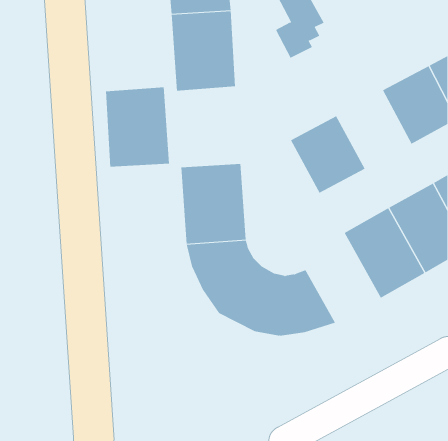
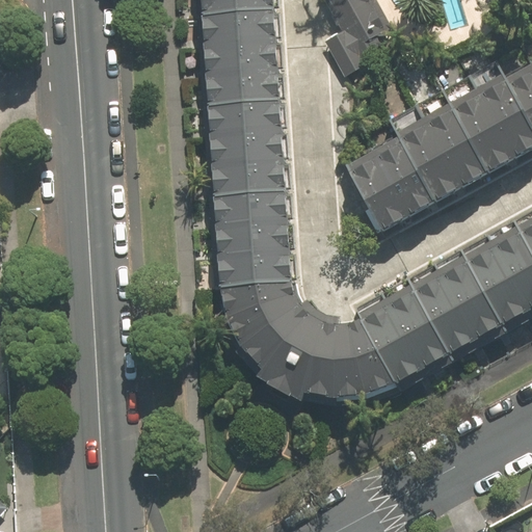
building: [105,87,170,167] -> [209,103,286,198]
building: none -> [399,107,487,201]
building: none -> [354,276,451,383]

